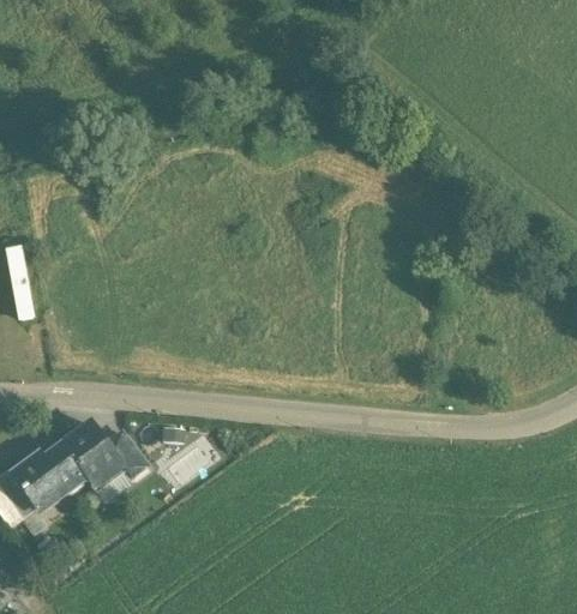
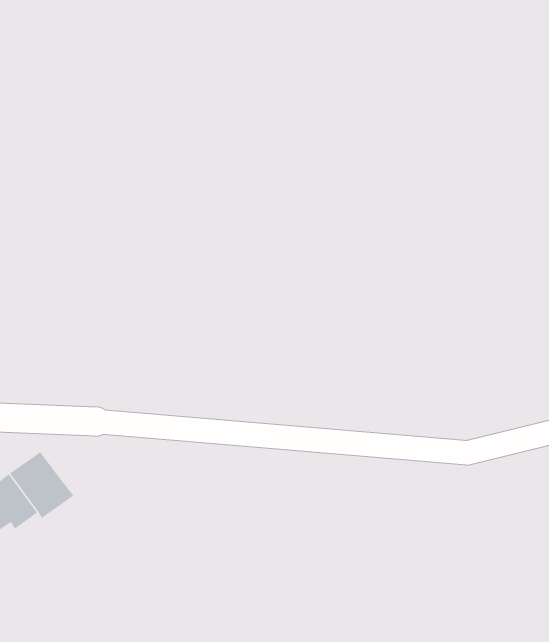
building: [108,431,148,476] -> none

